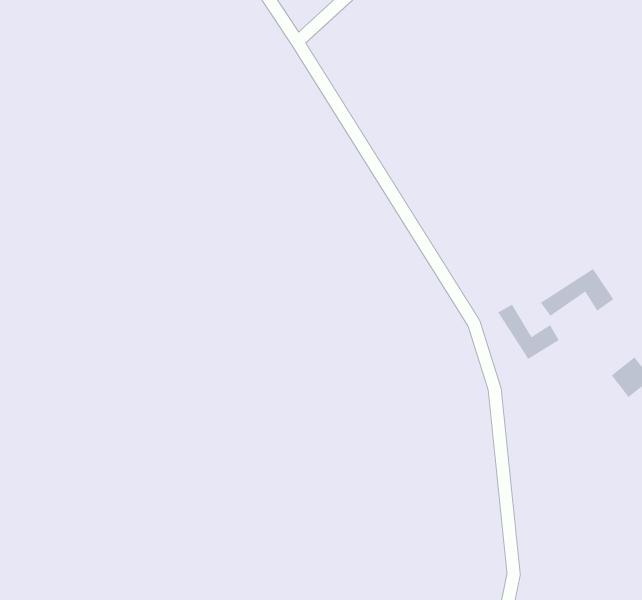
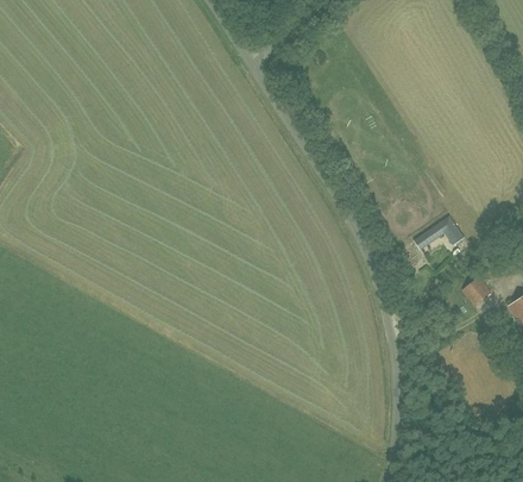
building: [497,304,560,360] -> none

